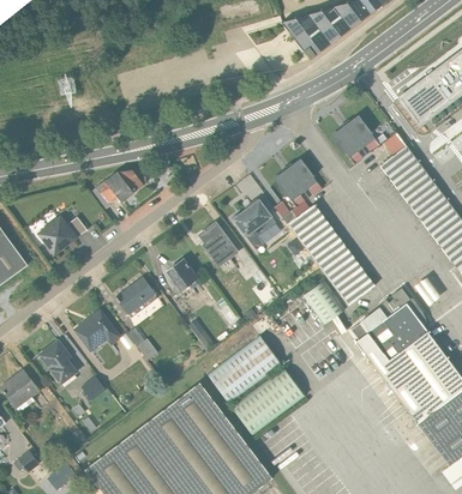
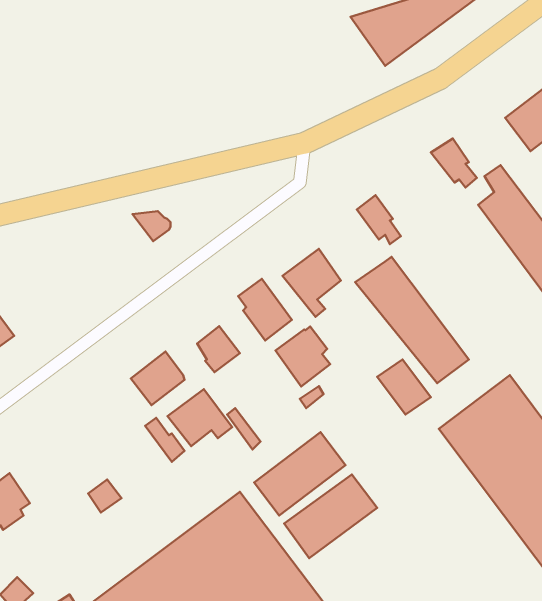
building: [331,125,362,164] -> none
building: [272,168,308,223] -> none
building: [90,171,132,209] -> none
building: [38,216,86,253] -> none
building: none -> [275,327,330,387]
building: [72,308,121,351] -> [167,389,232,446]
building: [36,338,77,386] -> none

